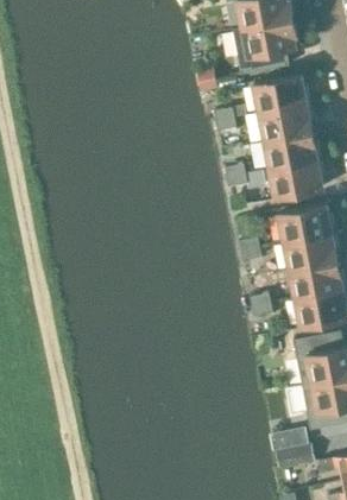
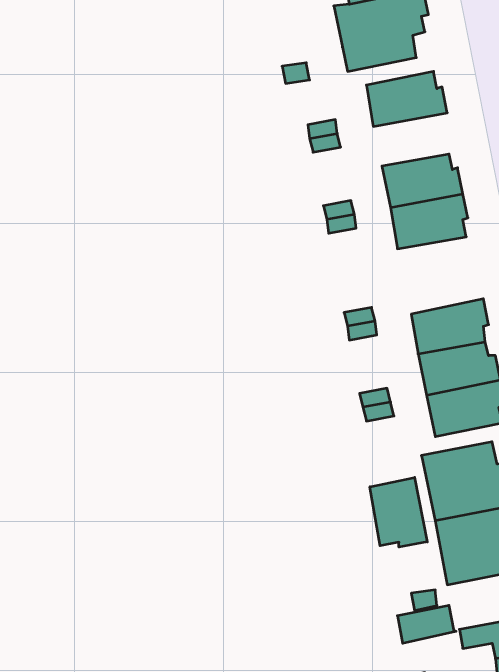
building: [258,103,313,140] -> none
building: [278,204,334,242] -> none
building: none -> [370,477,427,547]

